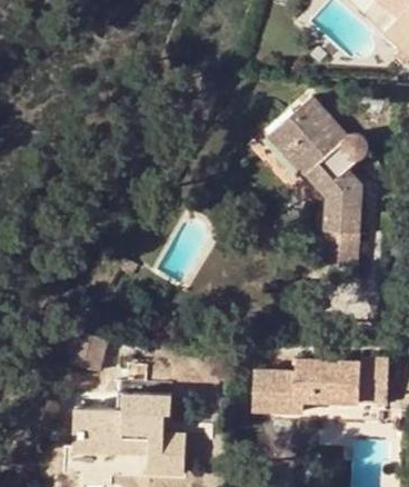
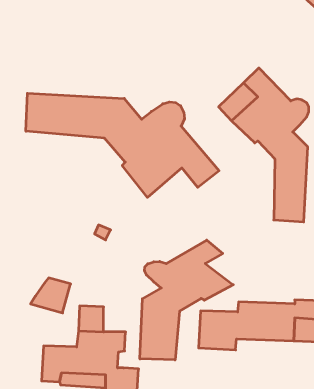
building: none -> [26,93,219,197]
building: none -> [140,240,233,360]

